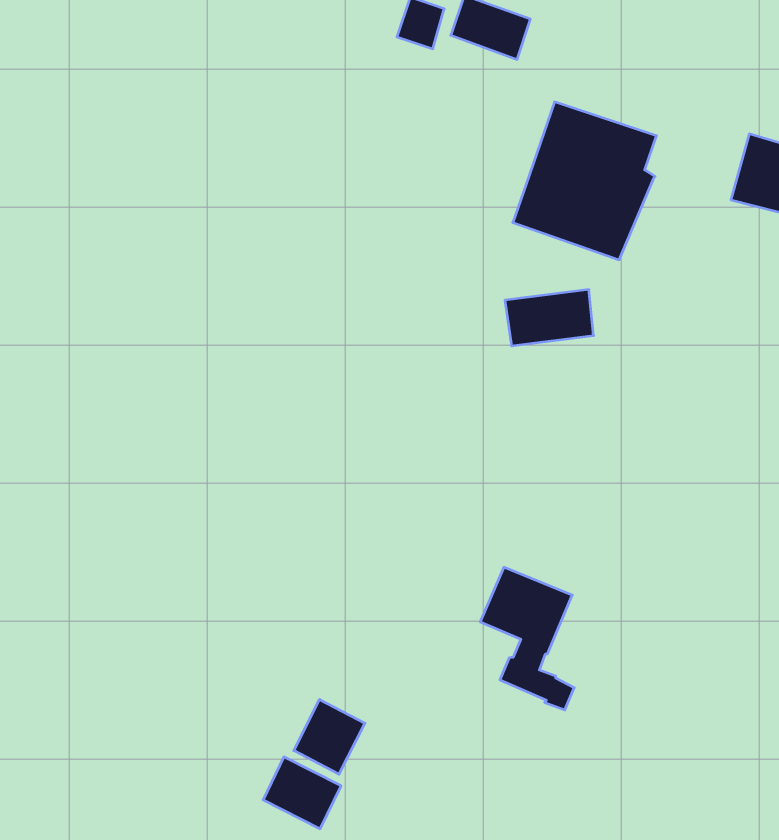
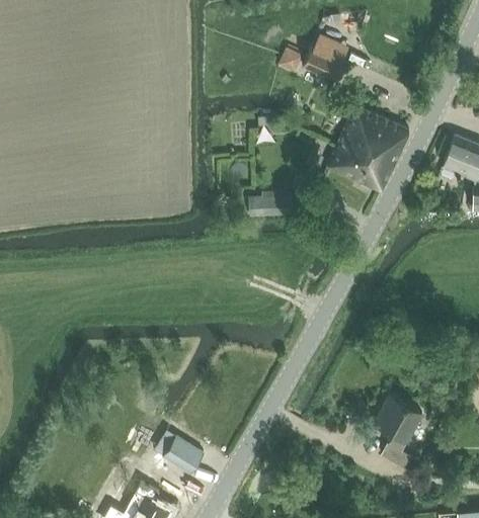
building: [505,290,594,346] -> [248,191,293,217]
building: [480,567,574,710] -> [374,396,423,473]
building: [294,699,365,774] -> none

